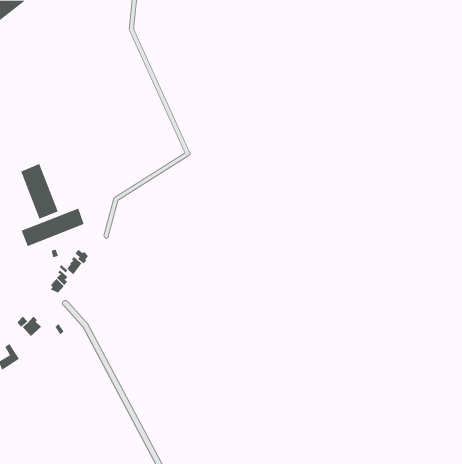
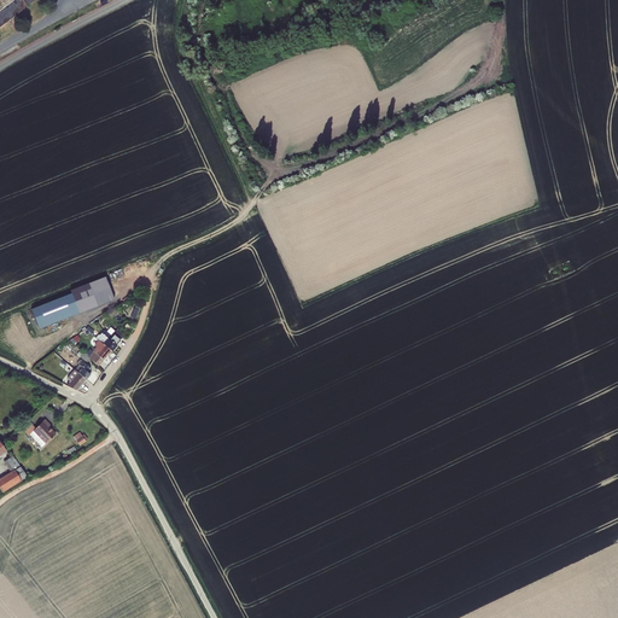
building: [21,163,59,219] -> none

